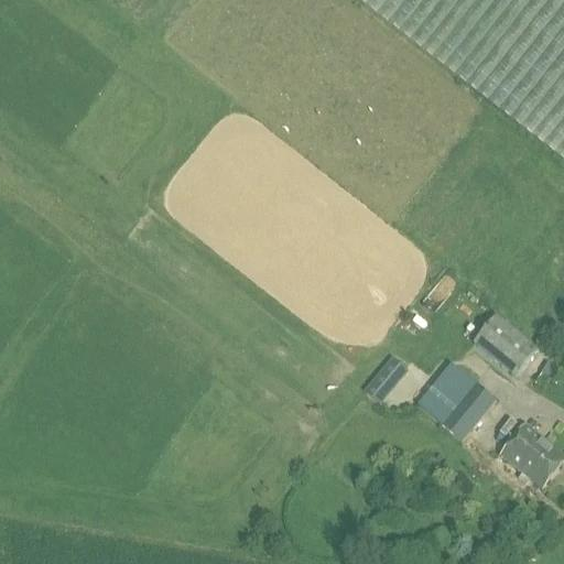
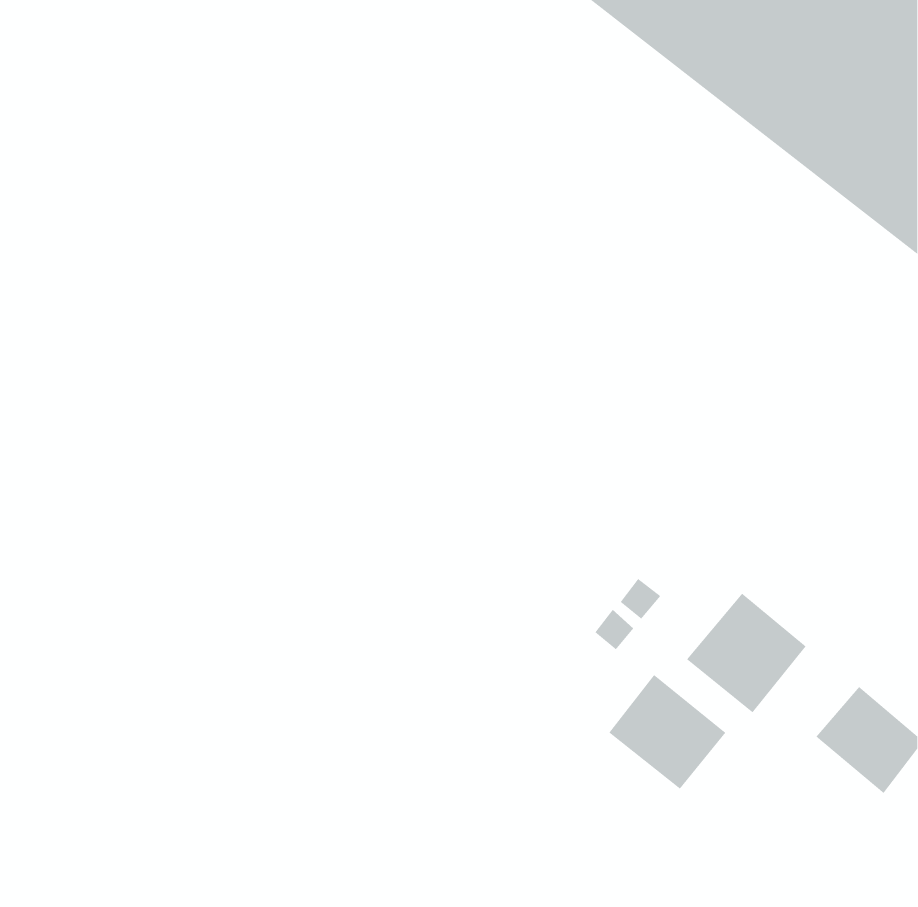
building: [471,311,539,375] -> none
building: none -> [609,674,726,789]

